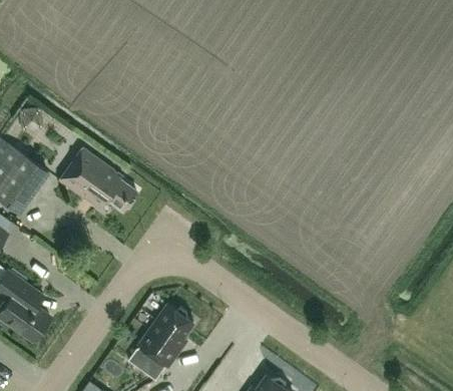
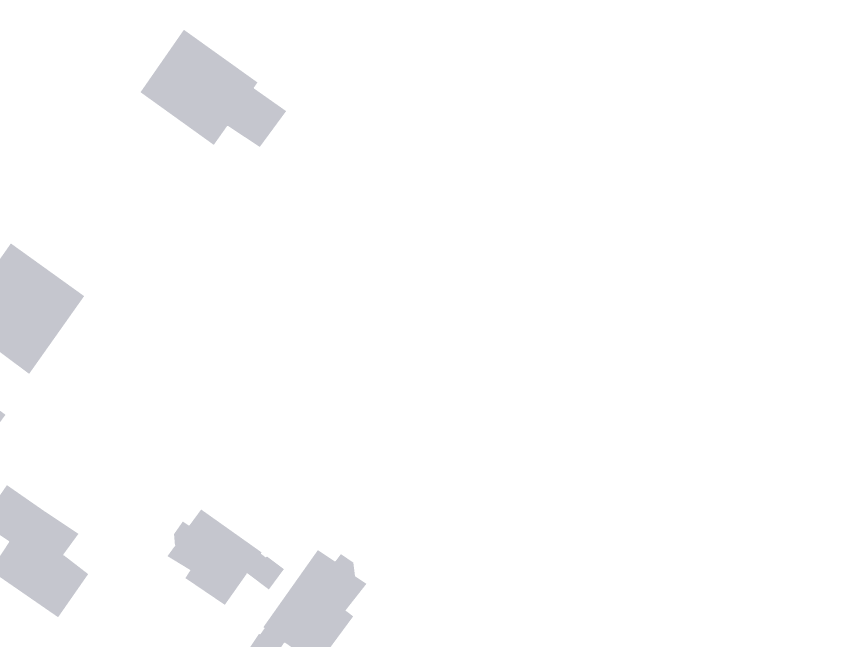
building: [59,147,136,210] -> [139,29,287,148]
building: none -> [167,509,285,606]

